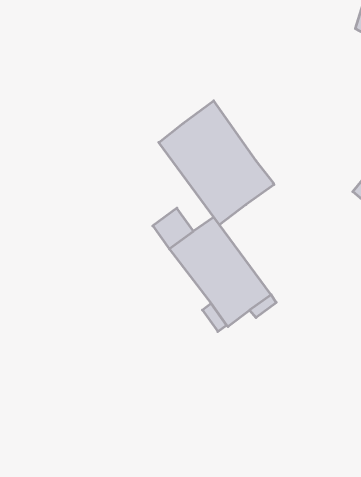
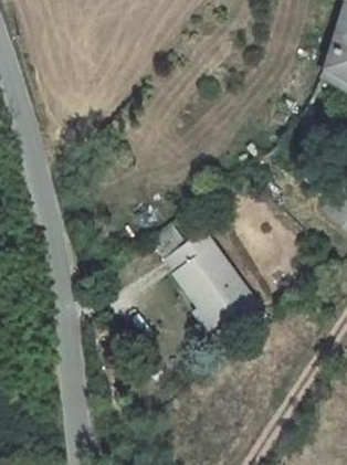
building: [159,101,274,225] -> none

